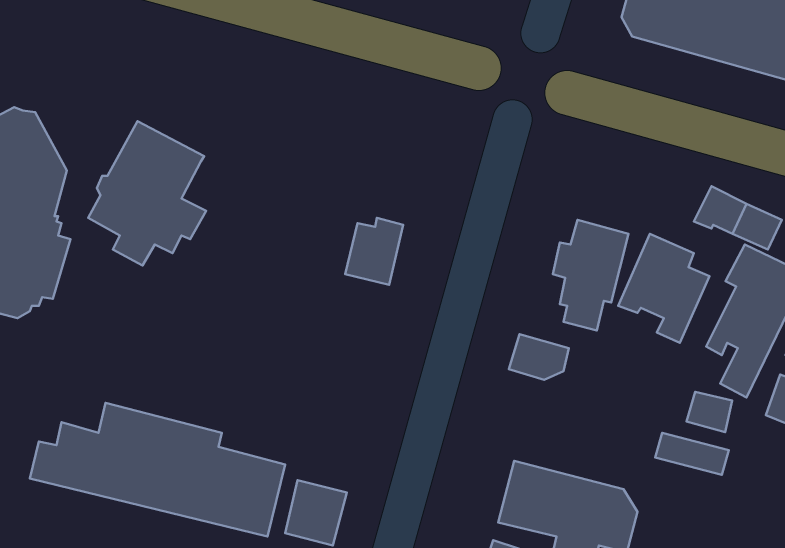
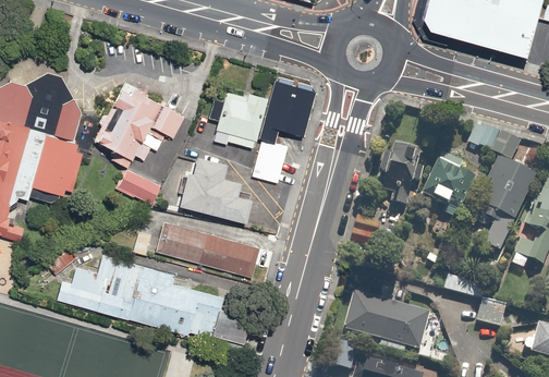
building: none -> [267,81,313,135]
building: none -> [210,89,268,147]
building: none -> [154,106,185,137]
building: none -> [180,156,254,221]
building: none -> [112,169,157,205]
building: none -> [156,219,261,277]
building: [686,392,732,432] -> [477,301,505,326]

